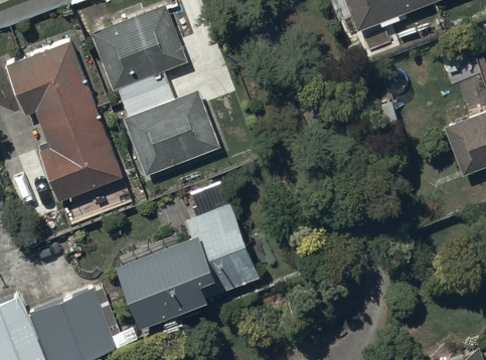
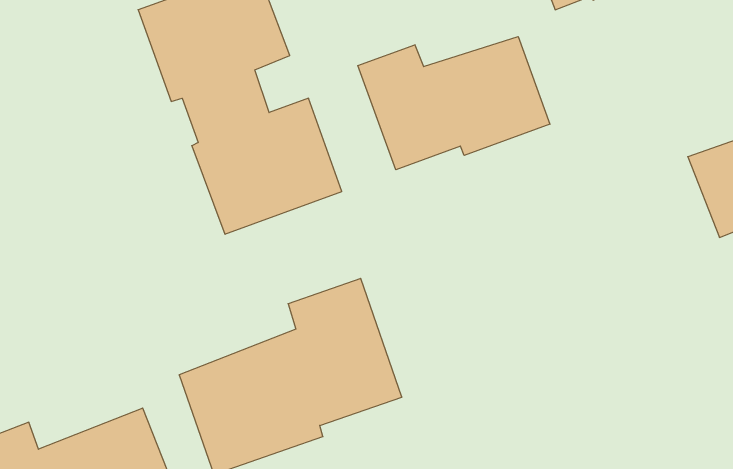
building: [7,42,122,203] -> none
building: none -> [358,37,550,170]

